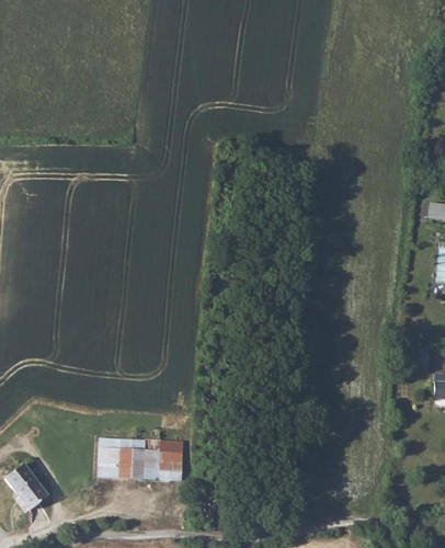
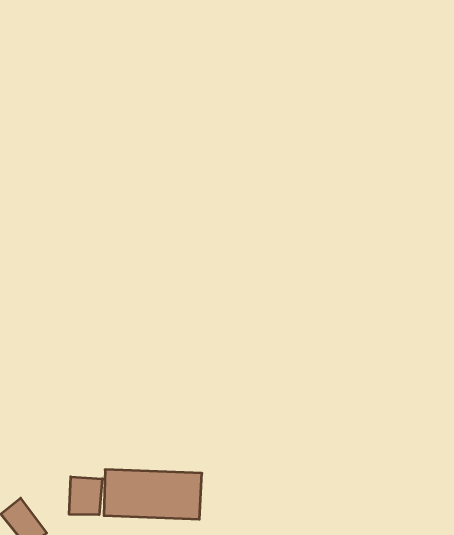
building: none -> [69,477,102,515]

